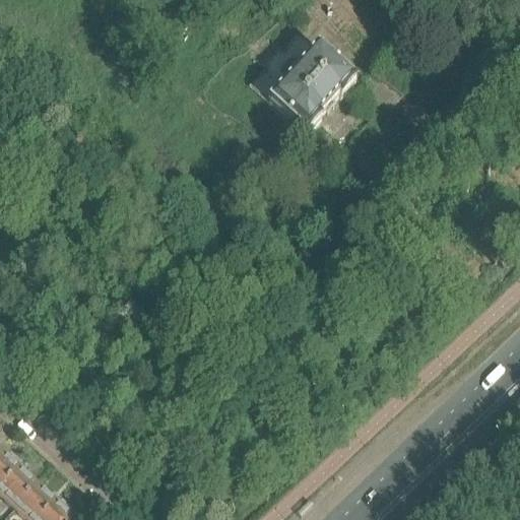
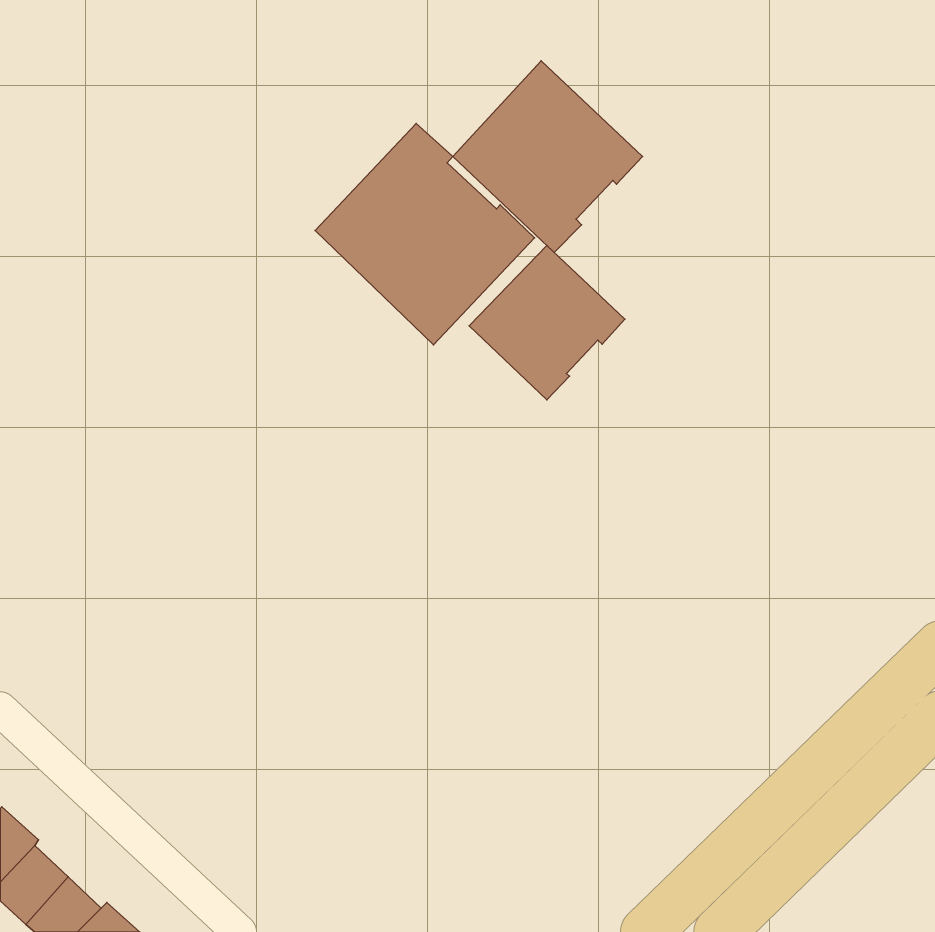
building: none -> [315,124,535,345]
building: none -> [469,245,625,400]

